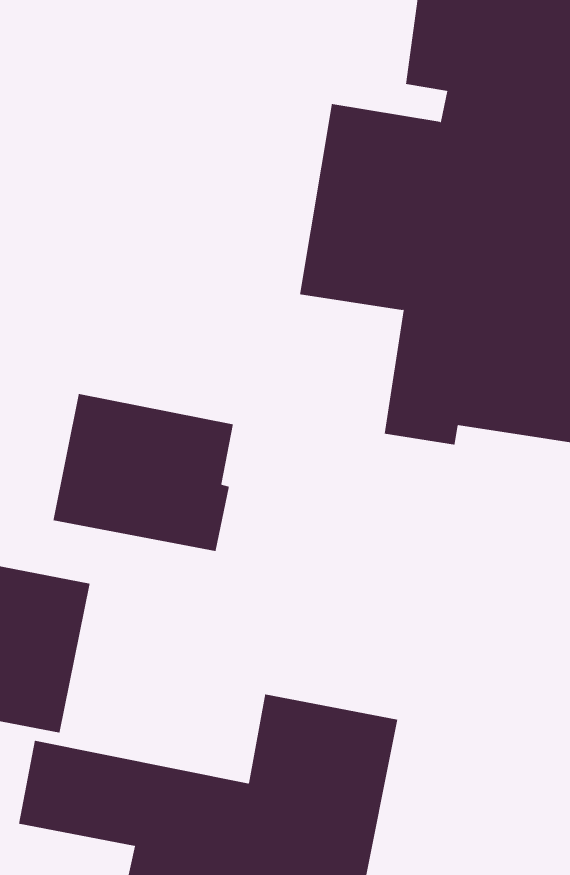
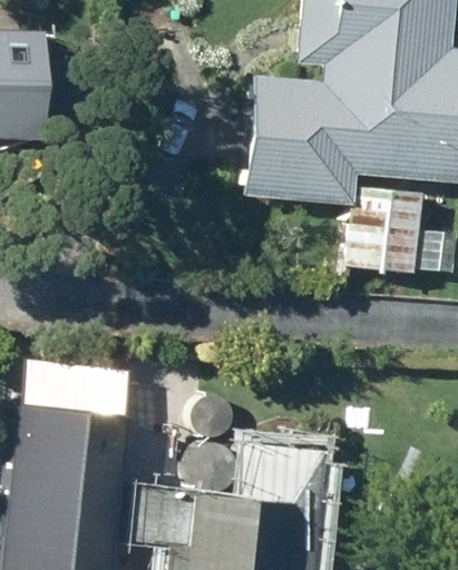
building: [53,393,233,552] -> none

